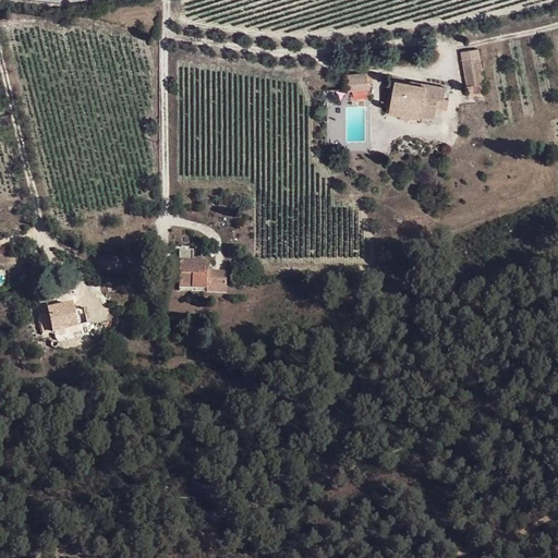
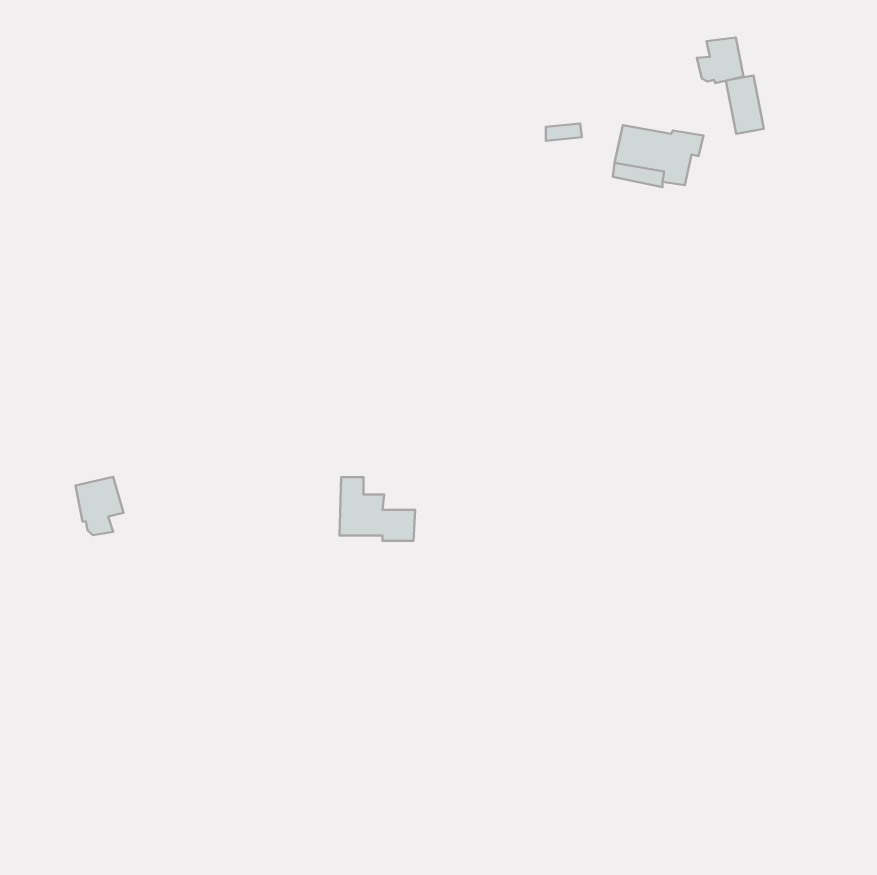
building: none -> [697,38,743,83]
building: [179,250,227,290] -> [340,477,415,541]

